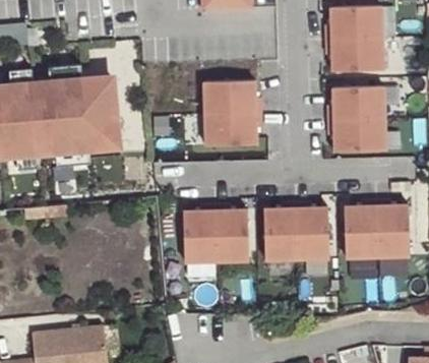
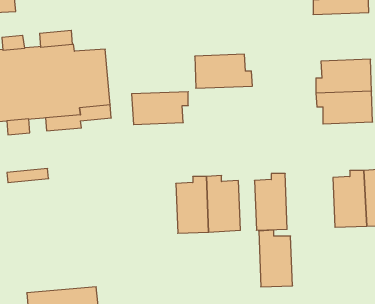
building: [324,44,383,77] -> none
building: [204,119,262,153] -> [132,92,188,125]
building: [296,207,330,265] -> [259,230,293,287]

